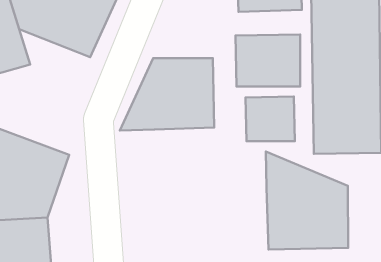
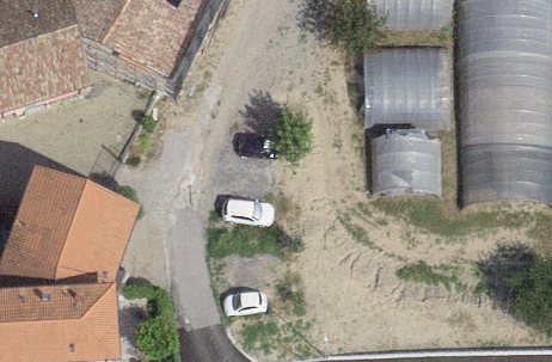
building: [120,58,214,130] -> none
building: [266,152,348,249] -> none

